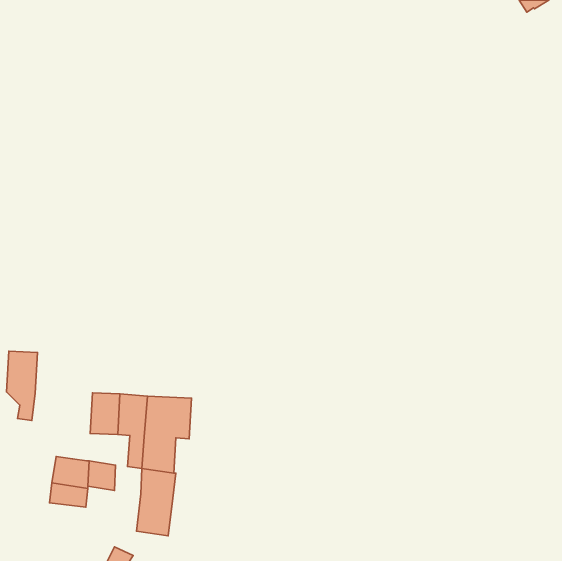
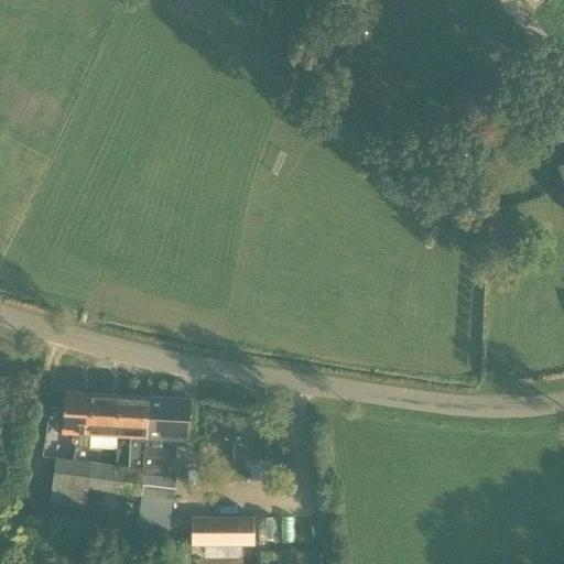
building: [7,351,37,421] -> [62,393,93,463]
building: none -> [115,467,142,496]
building: none -> [193,518,253,546]

